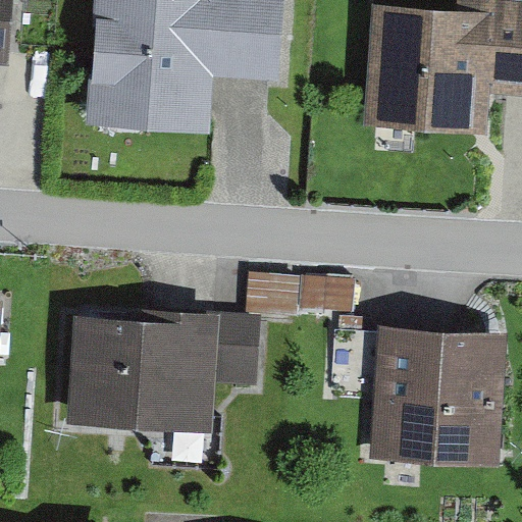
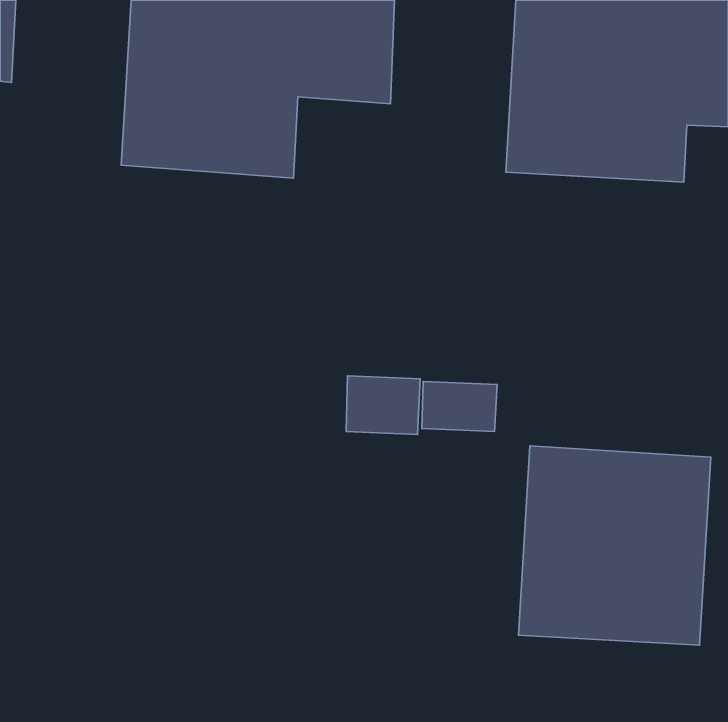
building: [64,305,261,433] -> none

